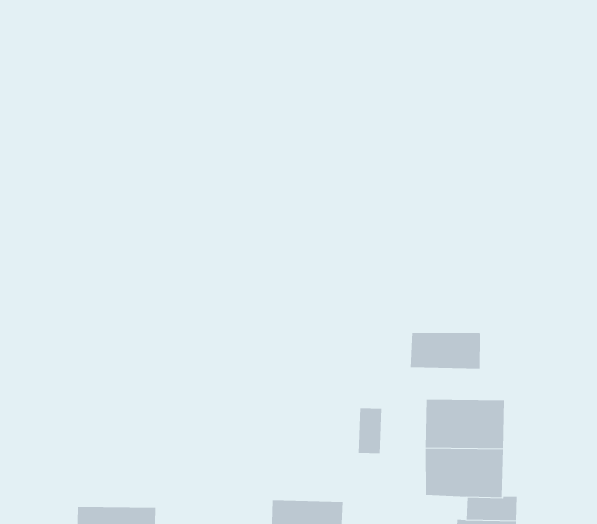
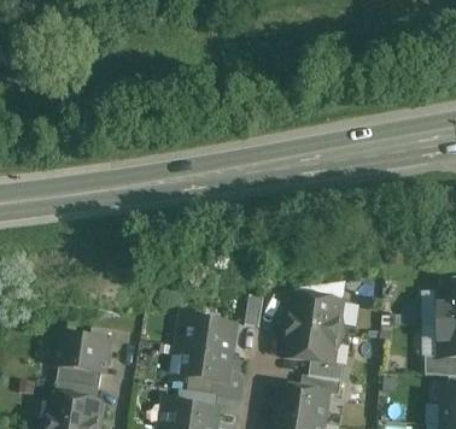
building: [410,332,481,370] -> none
building: none -> [185,316,234,352]

